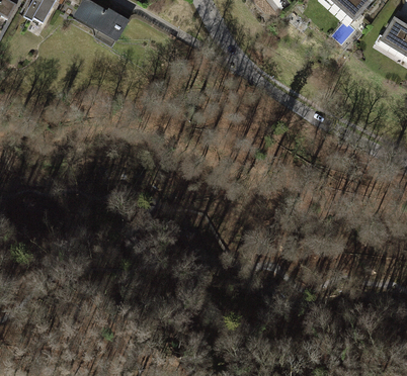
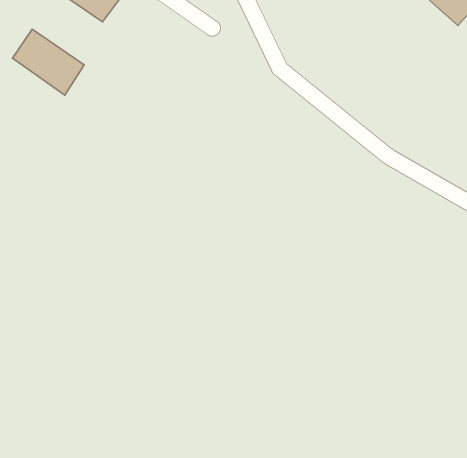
building: none -> [12,29,84,95]

